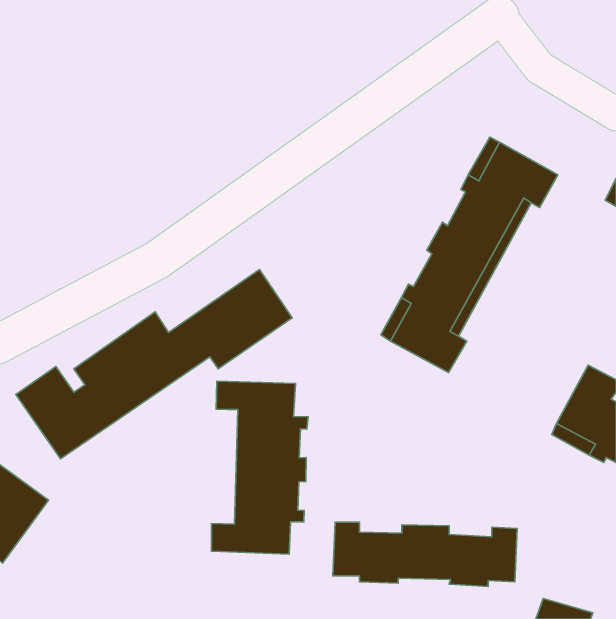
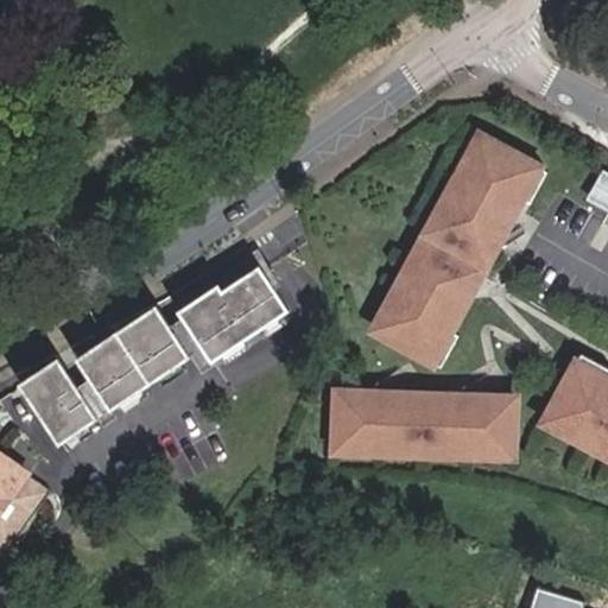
building: [211,381,308,554] -> none
building: [333,522,517,587] -> [332,391,513,454]

